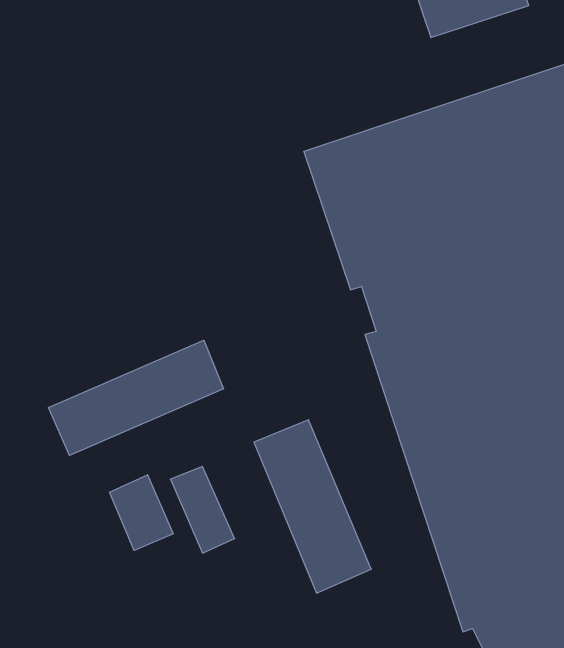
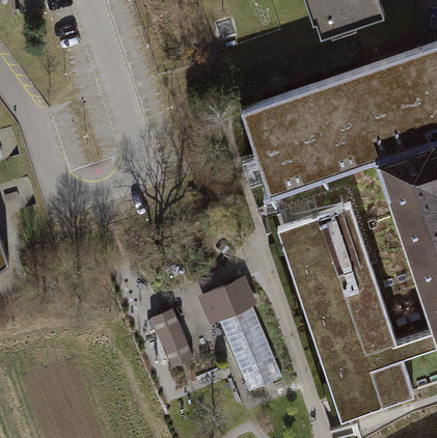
building: [49,340,224,455] -> none
building: [110,475,173,550] -> none

